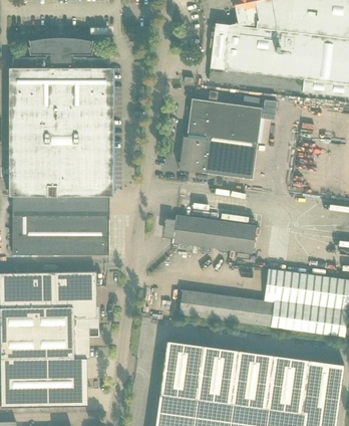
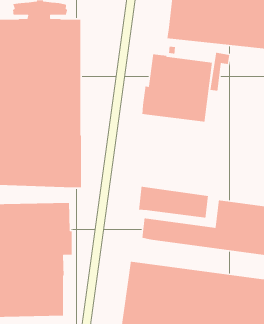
building: [172,215,255,253] -> [138,186,209,219]

